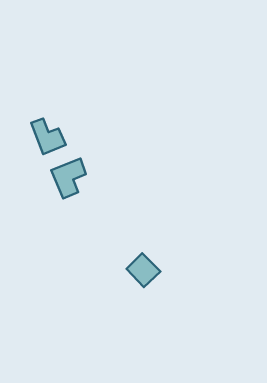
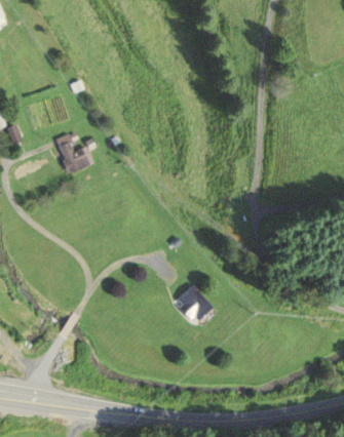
building: [51,158,86,198] -> none

